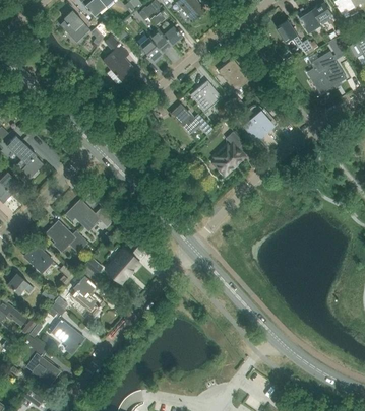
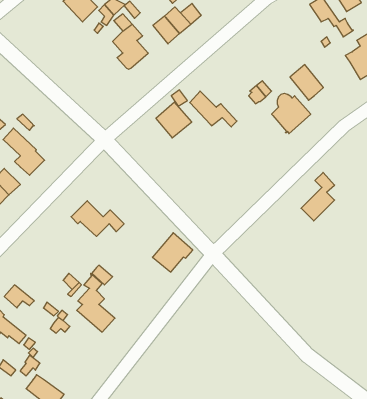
building: [219,60,248,91] -> [290,65,323,100]
building: [190,80,222,112] -> [156,102,192,138]
building: [214,132,243,175] -> [301,172,335,221]
building: [47,222,87,253] -> none
building: [24,246,53,273] -> none
building: [105,249,140,283] -> [152,233,193,272]
building: [50,320,84,354] -> none

